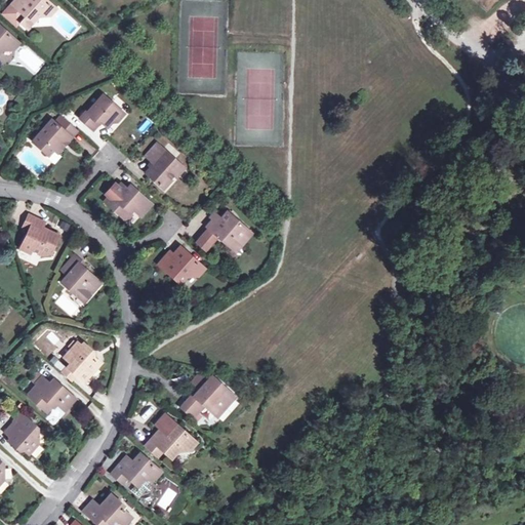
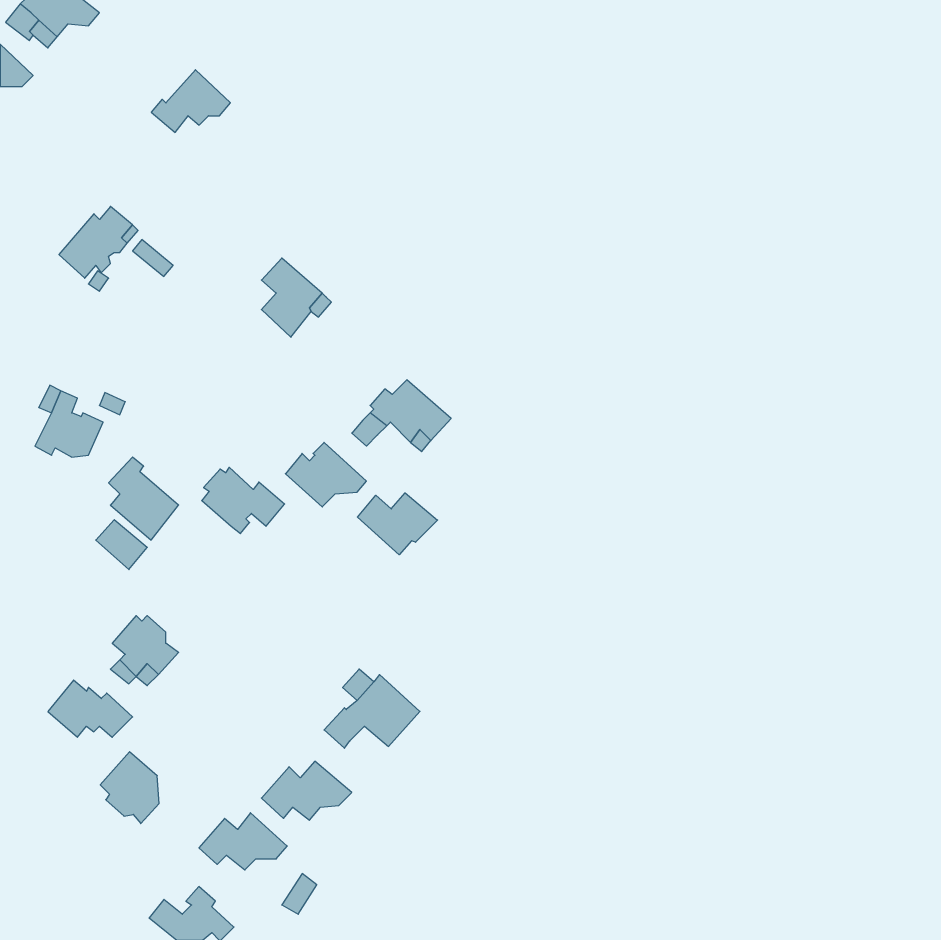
building: [80,93,124,128] -> [151,70,230,132]
building: [105,184,151,220] -> [202,467,285,534]
building: none -> [357,493,438,555]
building: [5,413,38,453] -> [100,752,159,824]

